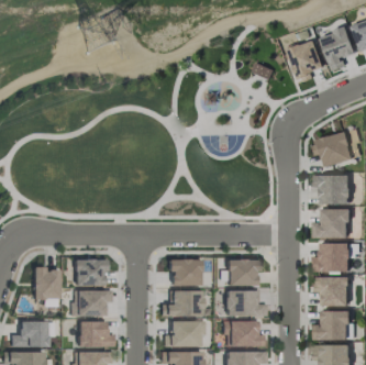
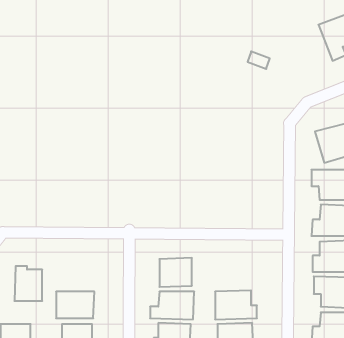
building: [287,38,325,78] -> none
building: [74,258,104,285] -> none
building: [226,259,258,286] -> none

